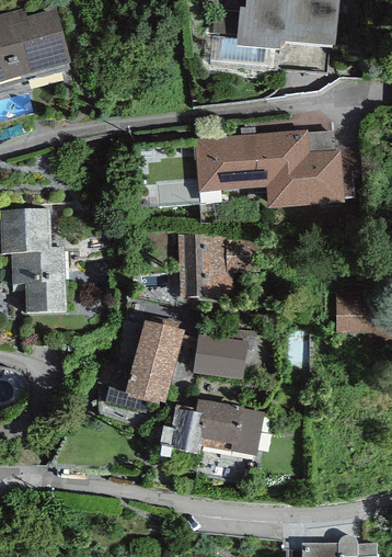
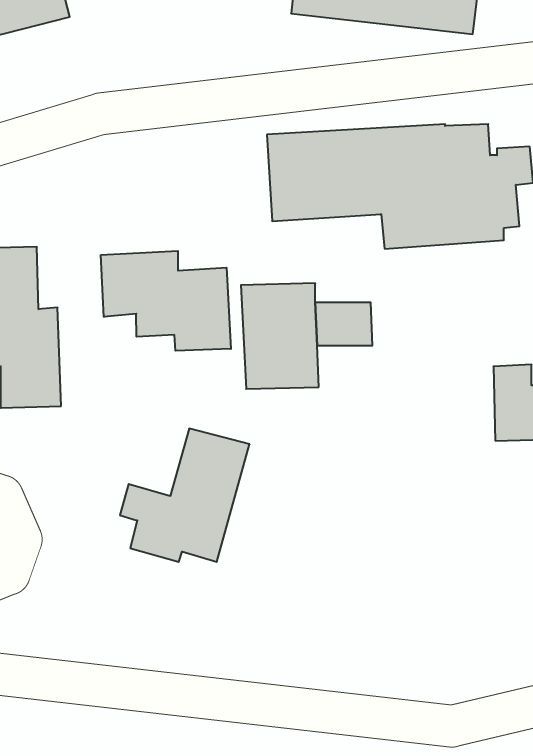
building: none -> [101,251,231,351]
building: [193,327,255,382] -> none
building: [159,400,264,459] -> none

